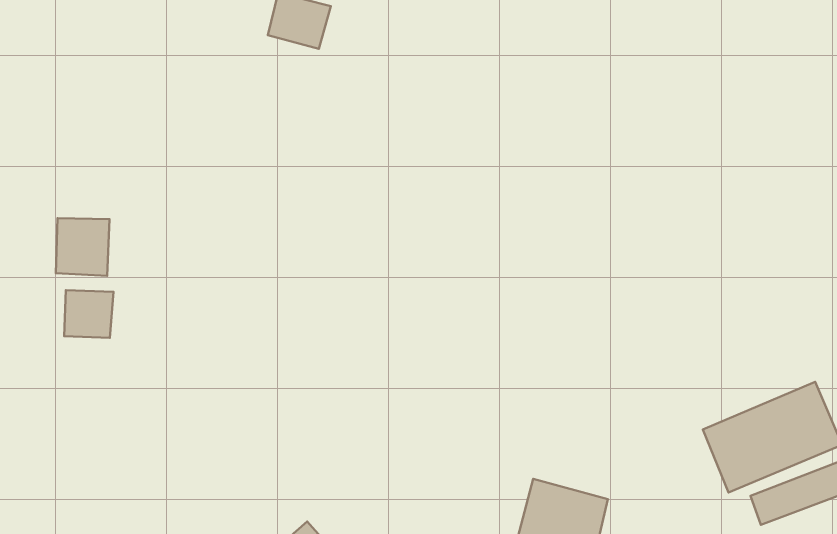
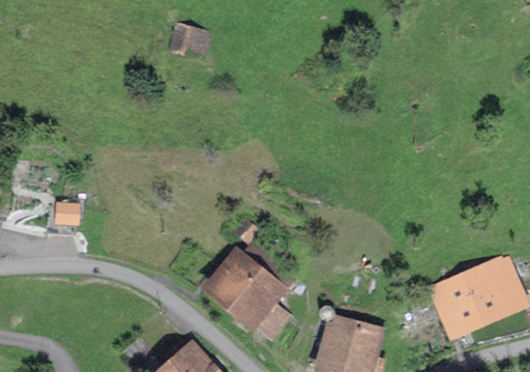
building: [56,218,109,276] -> none
building: none -> [210,240,287,333]

